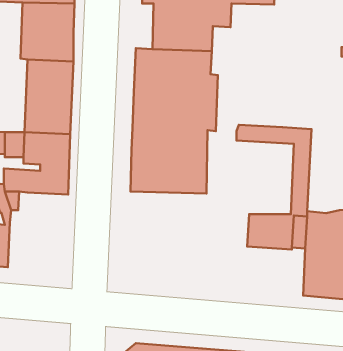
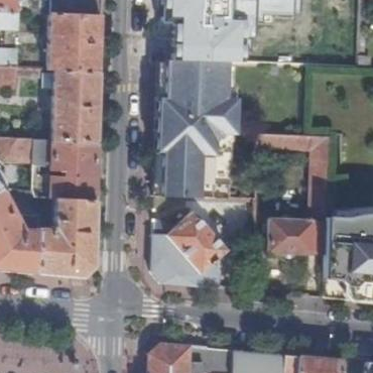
building: none -> [36,198,95,275]
building: none -> [152,211,227,287]

